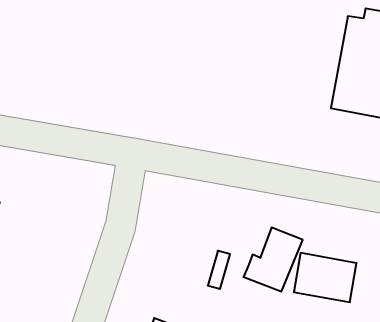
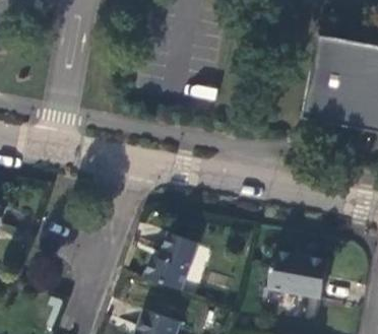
building: [243,228,303,292] -> [144,232,198,290]

